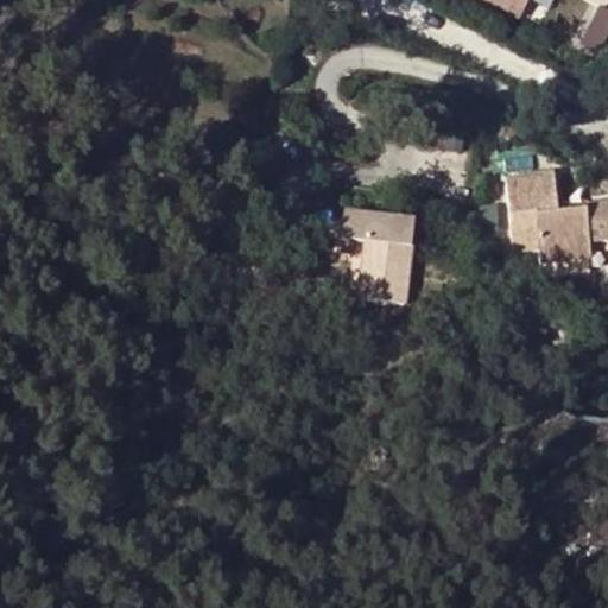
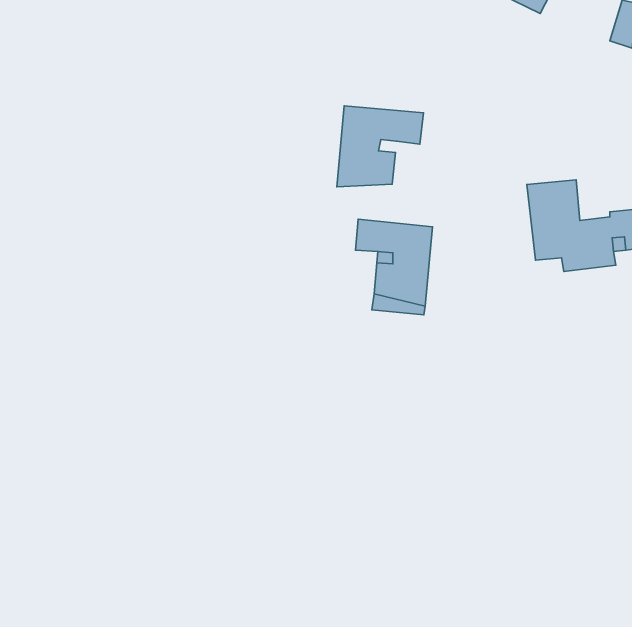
building: none -> [337,106,423,187]

